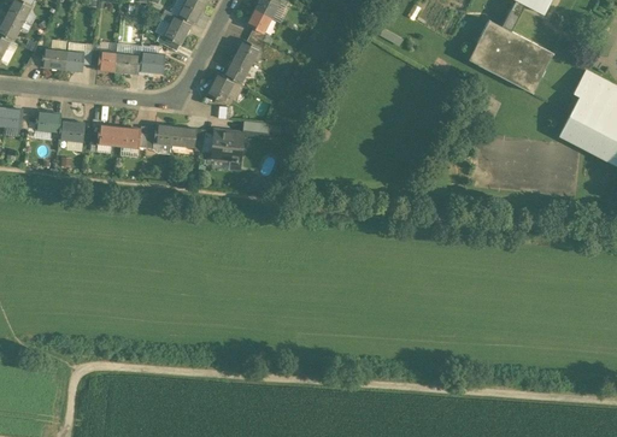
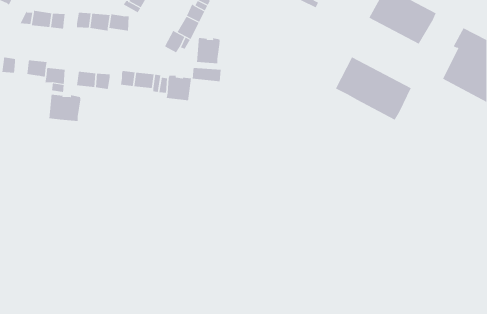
building: none -> [197,37,220,64]
building: none -> [335,56,411,120]
building: none -> [49,94,81,122]

